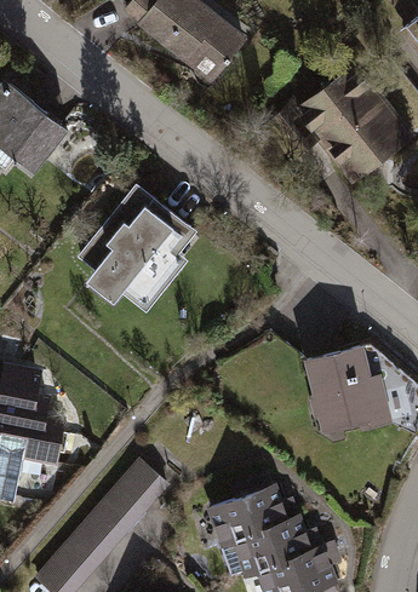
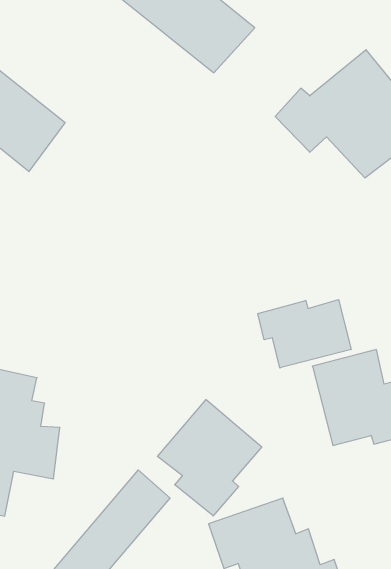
building: [78,183,197,315] -> none
building: none -> [258,300,351,368]
building: none -> [158,400,262,516]

